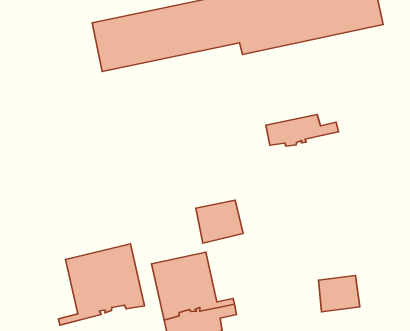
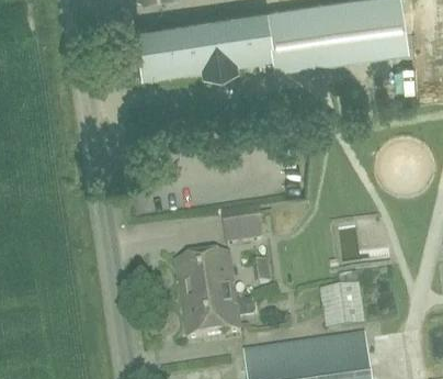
building: [266,114,338,146] -> none
building: [59,244,145,325] -> none

